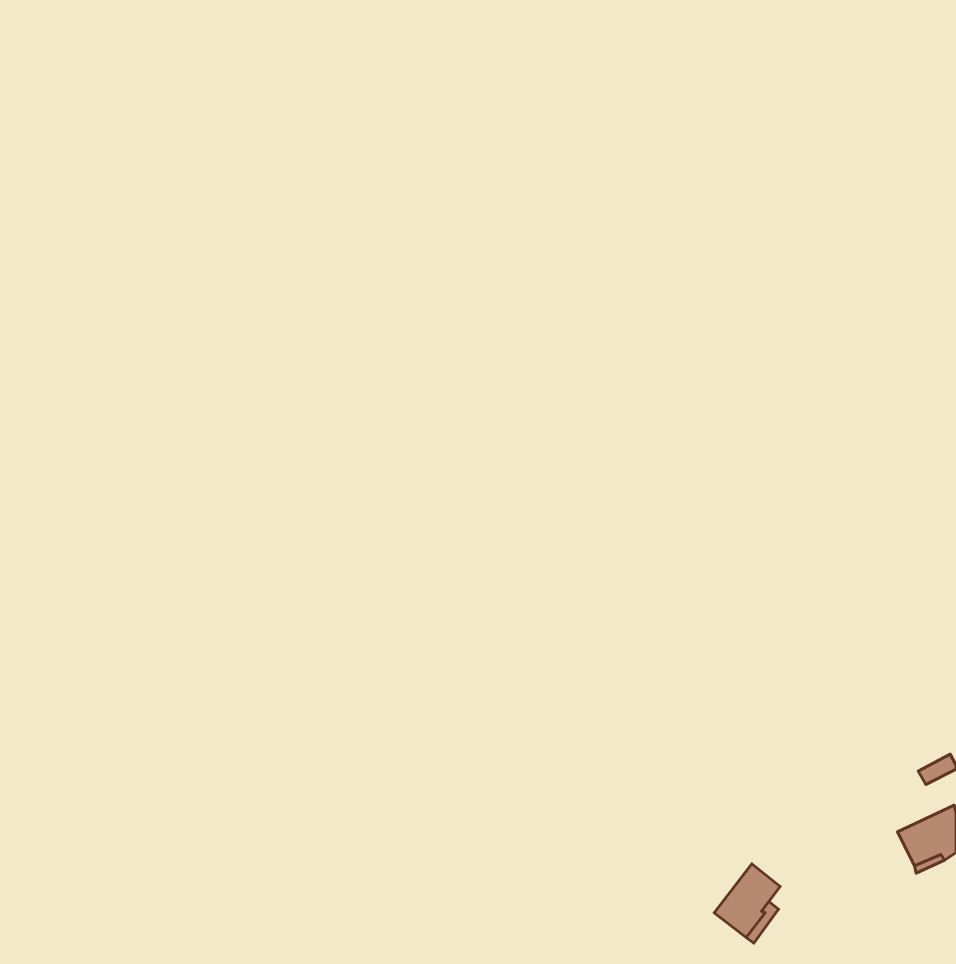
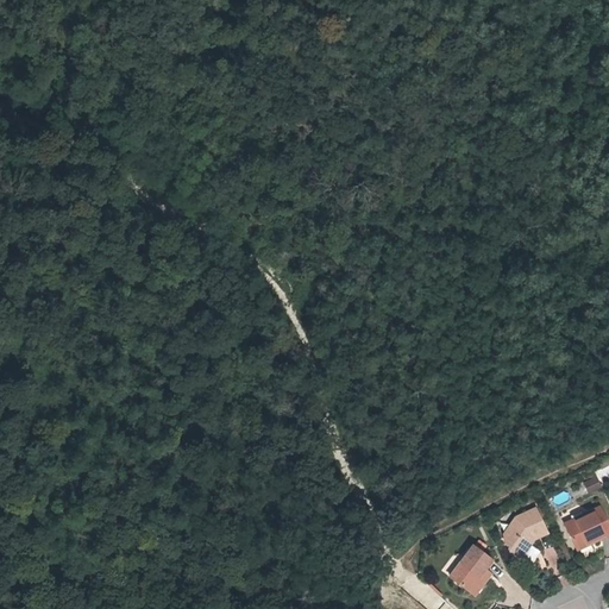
building: none -> [503,508,547,559]

